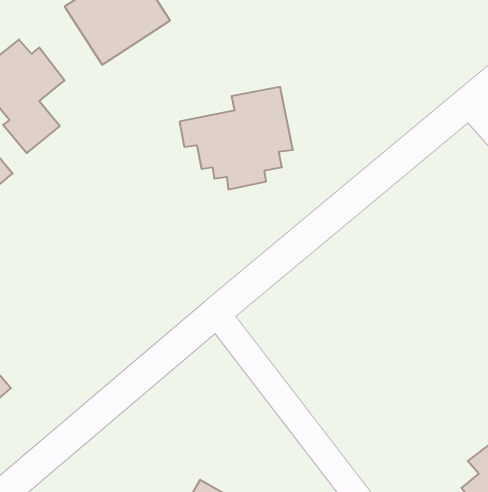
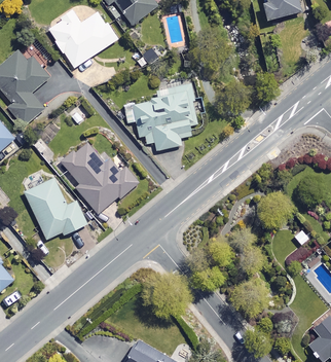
building: none -> [62,141,137,212]
building: none -> [25,179,86,239]

